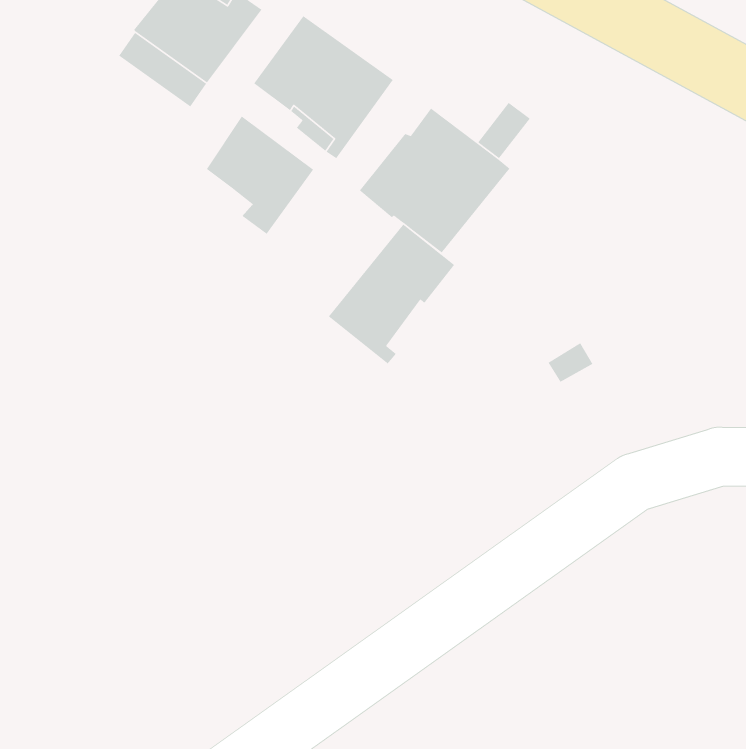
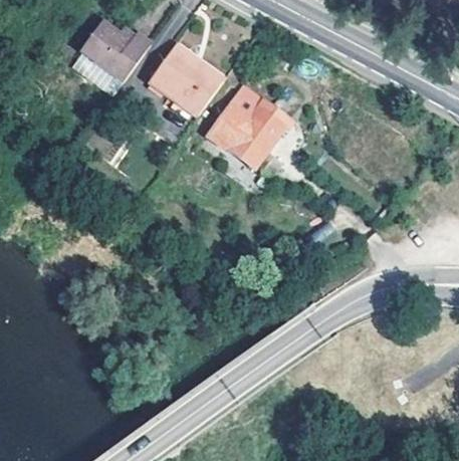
building: [206,116,314,235] -> none
building: [328,224,455,365] -> none

